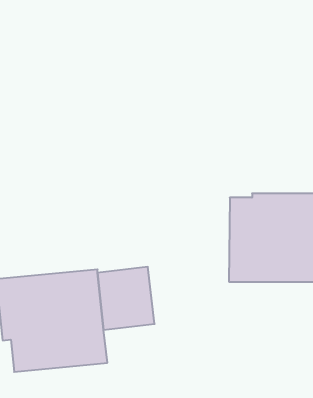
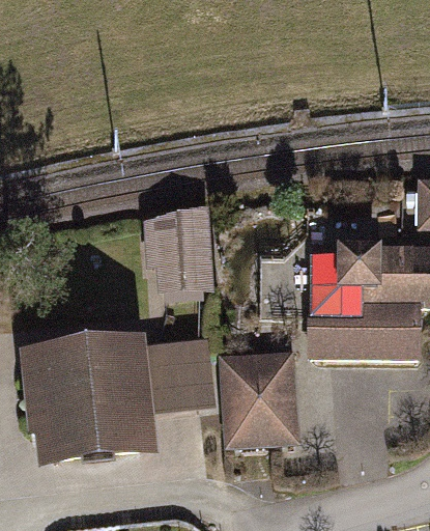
building: none -> [144,205,213,294]
building: none -> [222,351,299,445]

